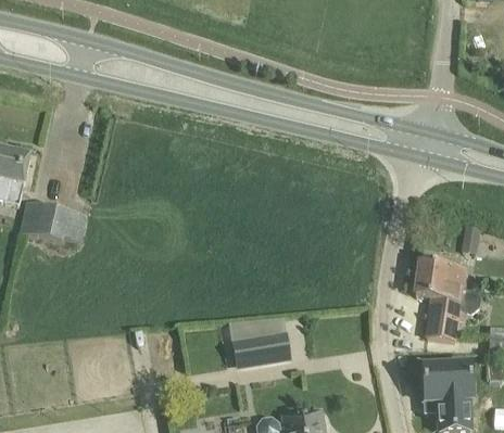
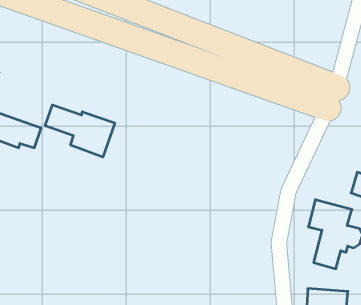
building: none -> [45,105,115,157]
building: [234,330,292,367] -> none

